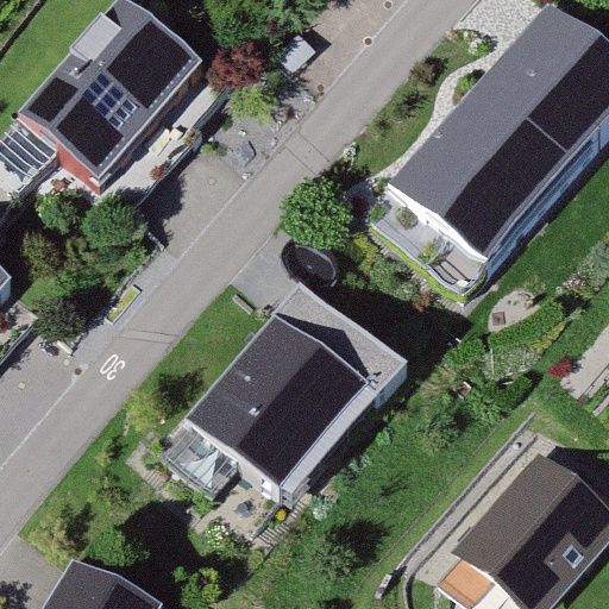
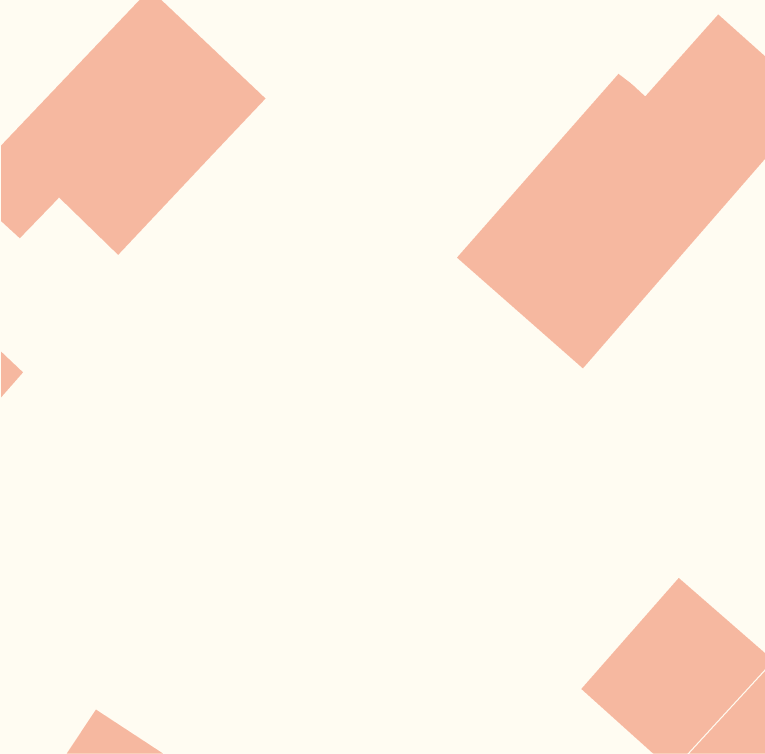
building: [186,287,408,490] -> none

